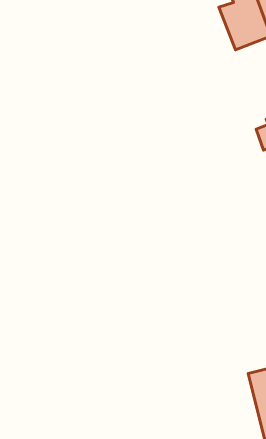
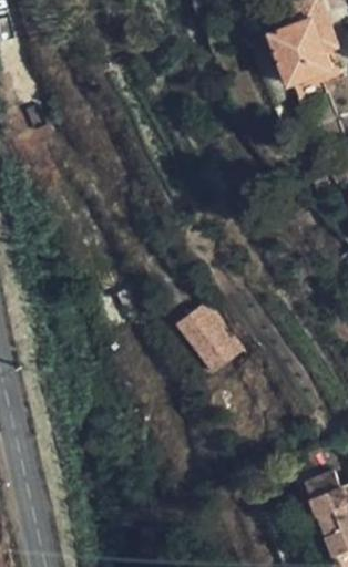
building: none -> [177,303,239,371]

